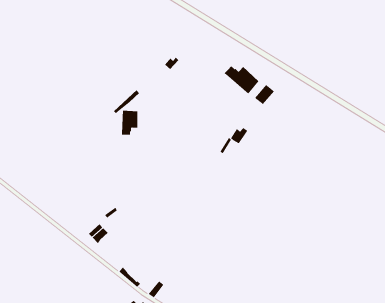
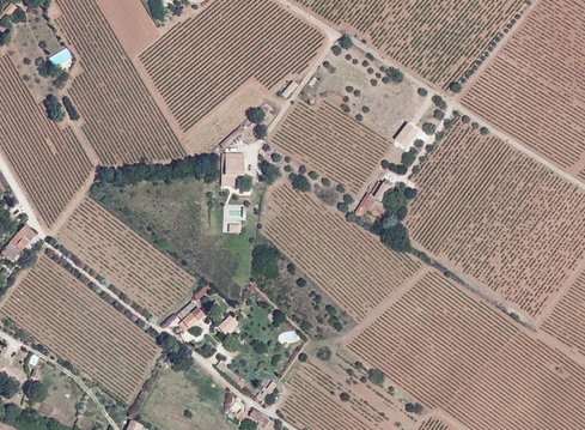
building: [224,66,259,95] -> none

